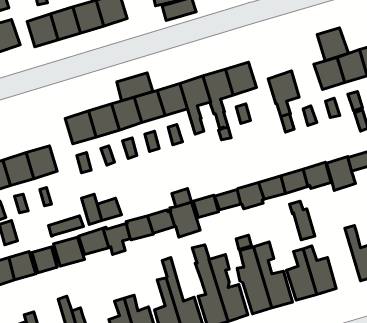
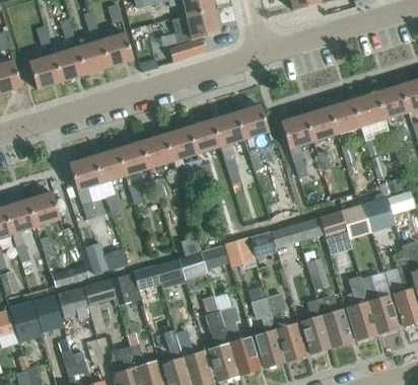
building: [317,28,348,61] -> [305,106,338,141]
building: [117,73,153,101] -> none
building: none -> [347,275,377,339]

